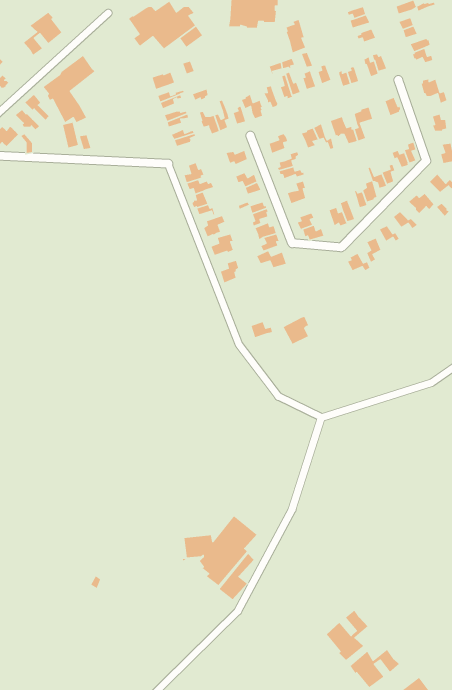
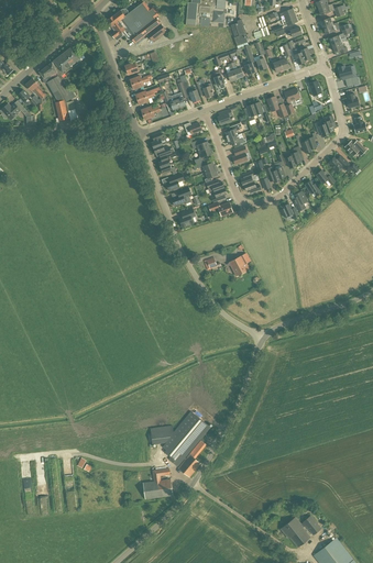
building: [23,12,62,56] -> none
building: none -> [143,468,173,499]
building: [326,610,369,661] -> none

